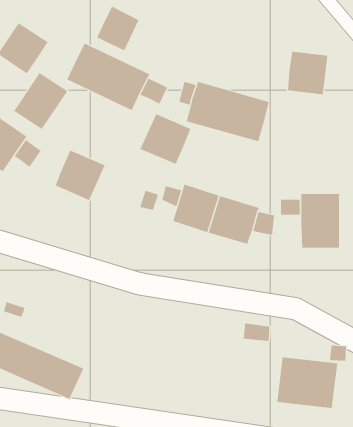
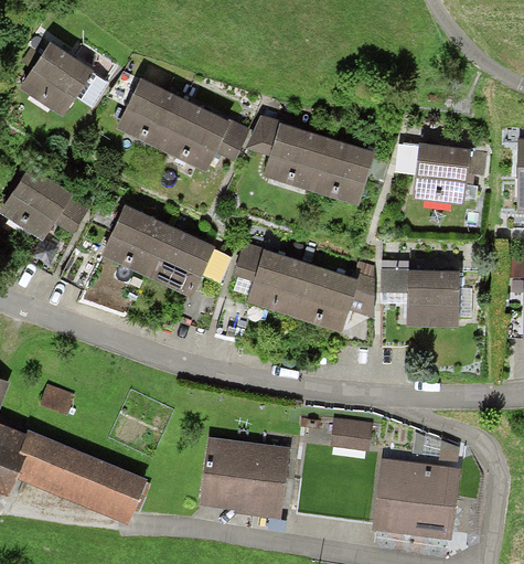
building: [96,6,139,51] -> none
building: [287,51,328,95] -> [416,151,467,205]
building: [13,72,68,130] -> none
building: [140,114,191,164] -> [147,228,211,291]
building: none -> [201,445,288,519]

